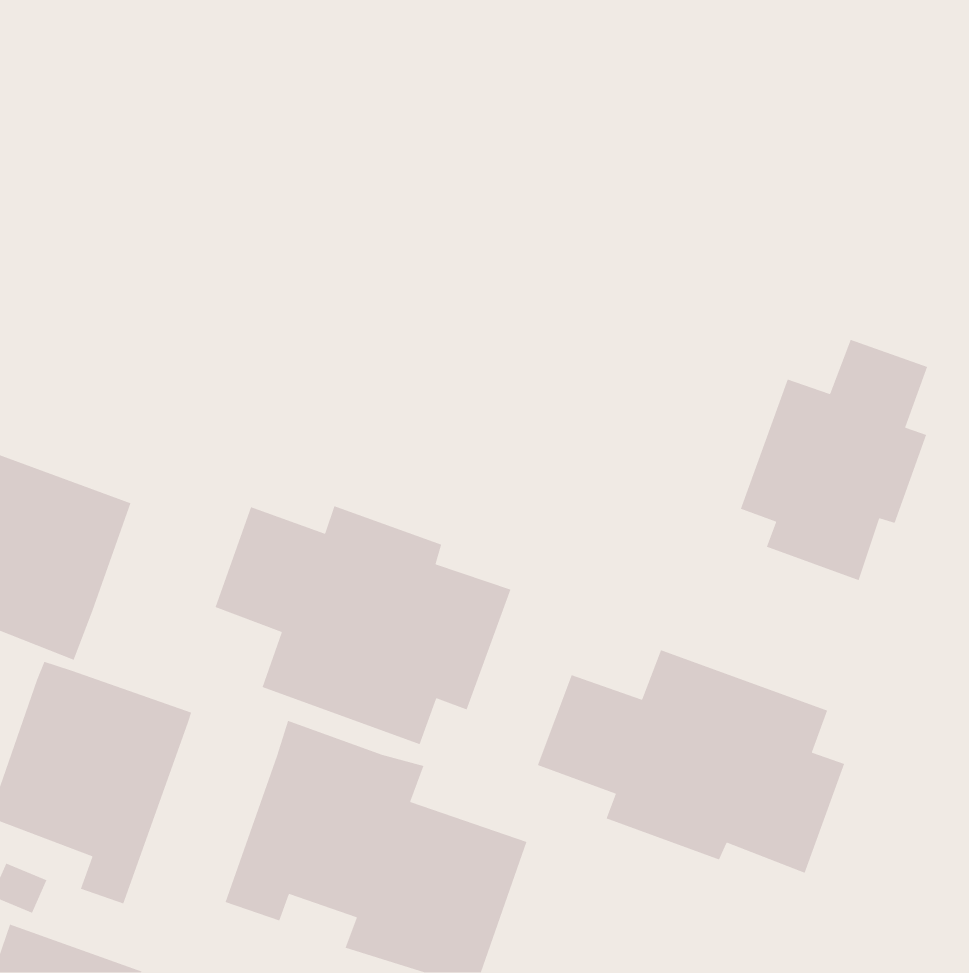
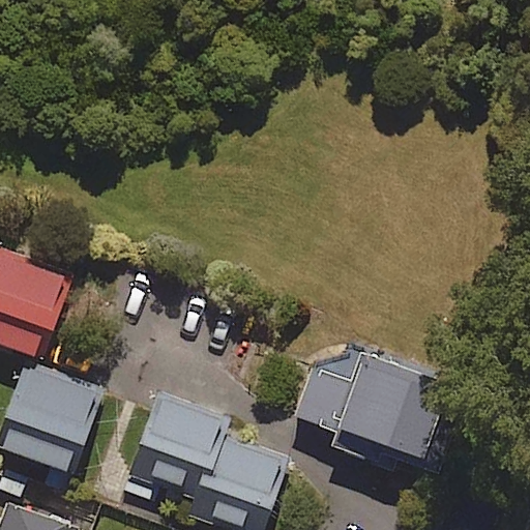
building: [740,339,928,581] -> none
building: [215,505,512,745] -> none

